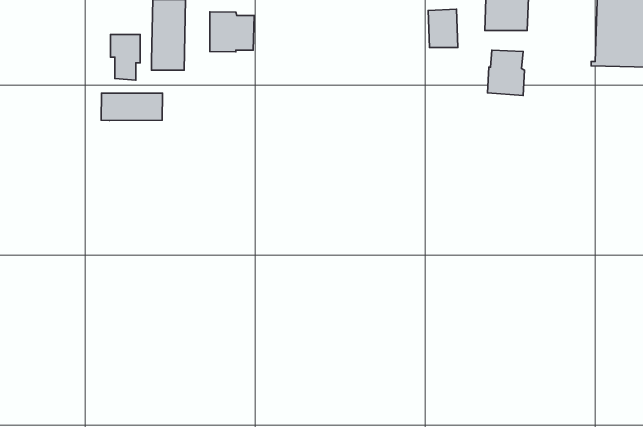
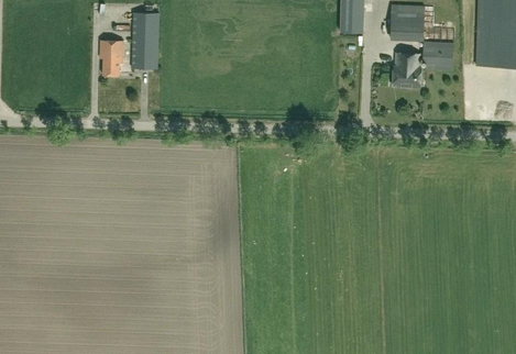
building: [210,12,254,52] -> none
building: none -> [422,42,458,70]
building: [101,93,163,120] -> none

